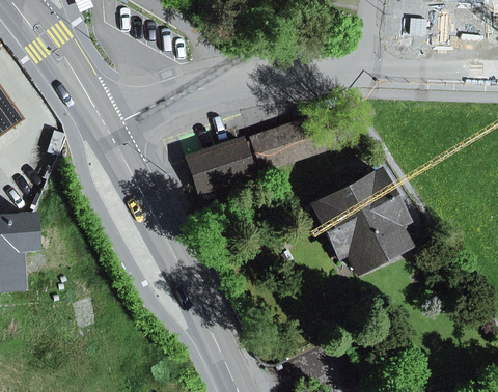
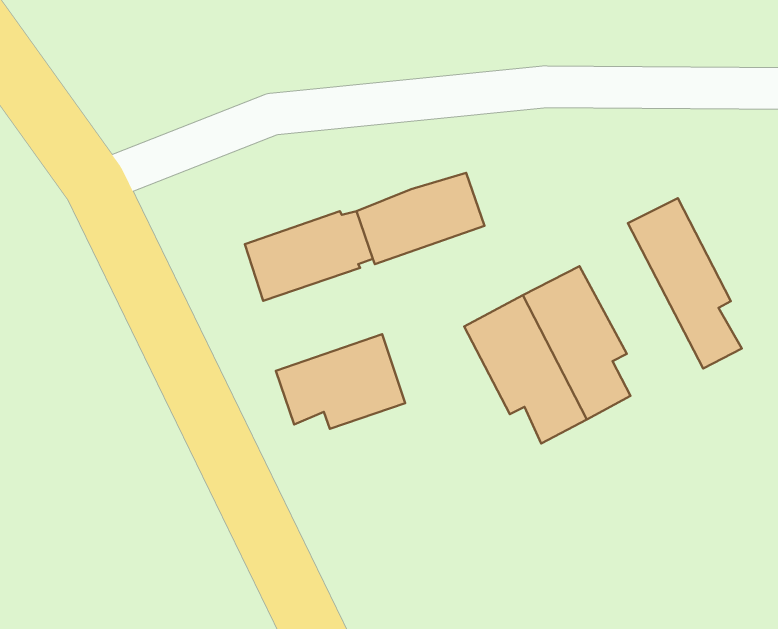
building: none -> [628,198,742,369]
building: none -> [276,334,405,429]

